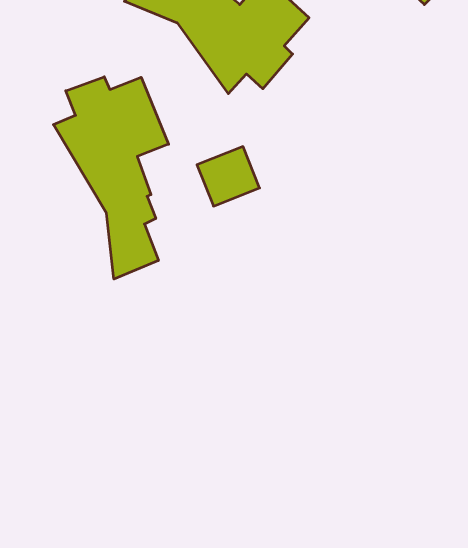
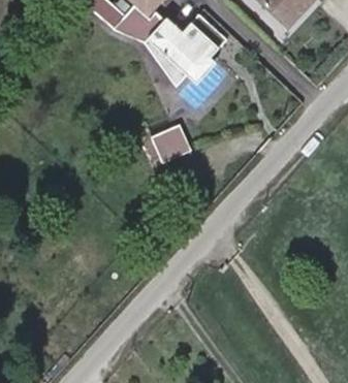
building: [53,77,169,279] -> none

